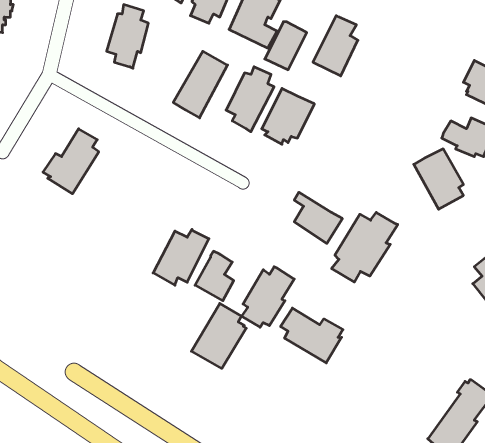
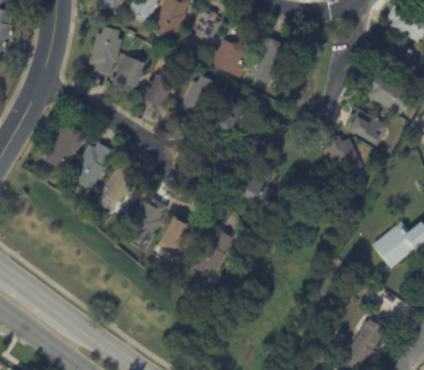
building: none -> [115,54,144,86]
building: none -> [72,139,115,189]
building: none -> [97,157,135,211]
building: [332,212,398,282] -> none
building: [191,303,246,368] -> none
building: [281,308,343,363] -> none

